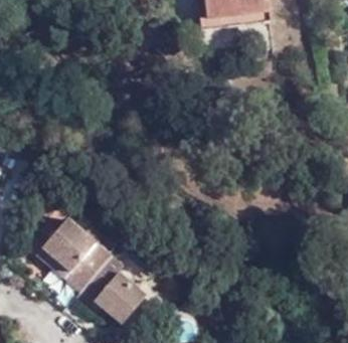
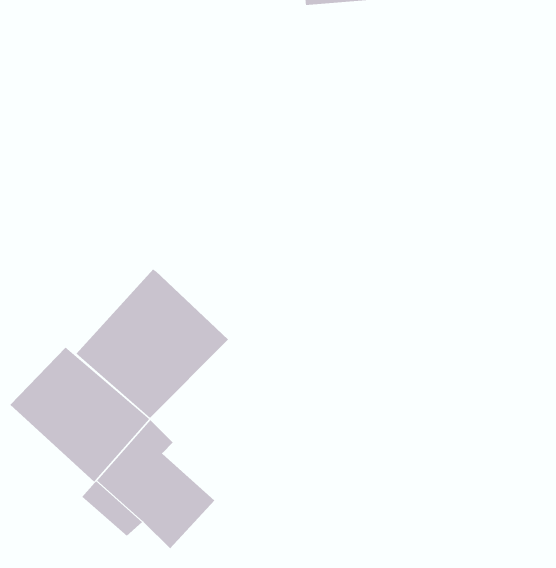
building: none -> [75,269,229,419]

